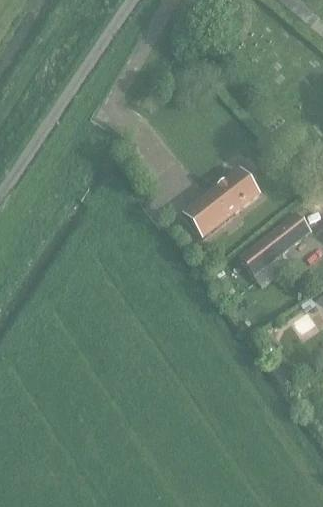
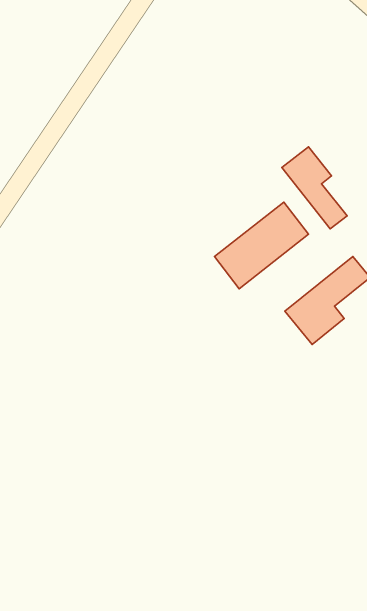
building: none -> [282,147,347,229]

